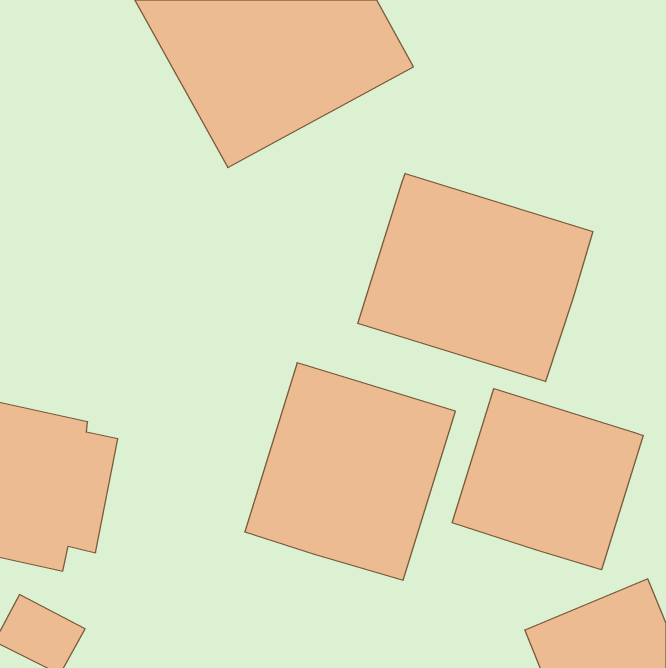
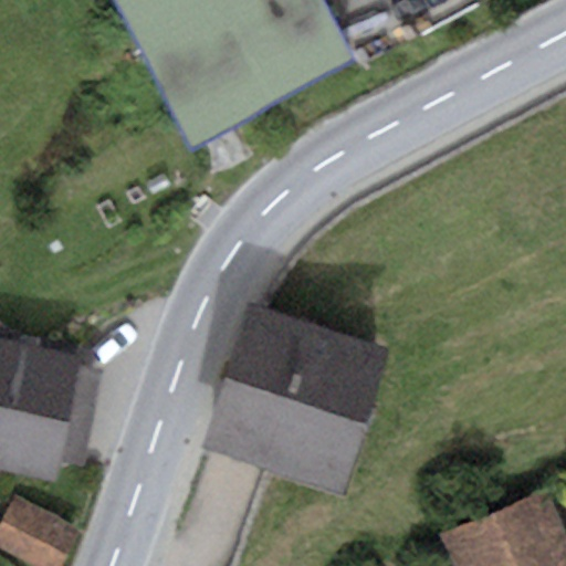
building: [358,173,593,382] -> none
building: [452,389,643,570] -> none

